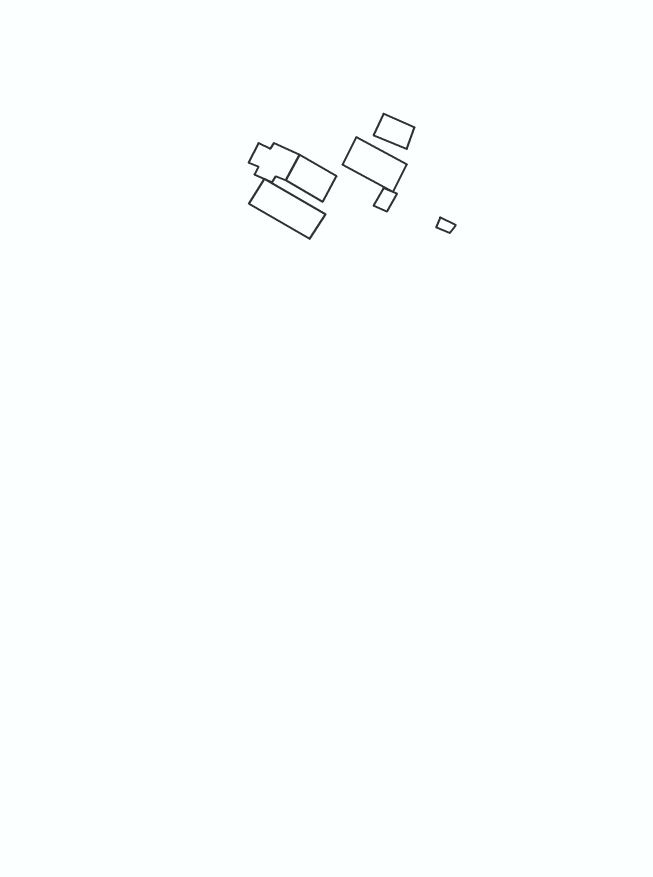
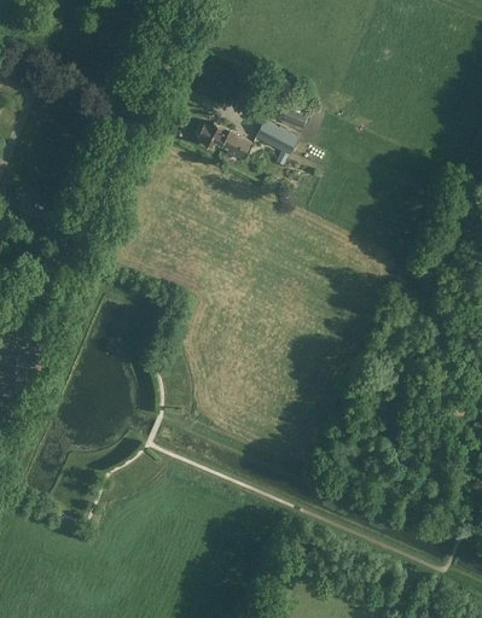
building: [249,179,325,239] -> none

